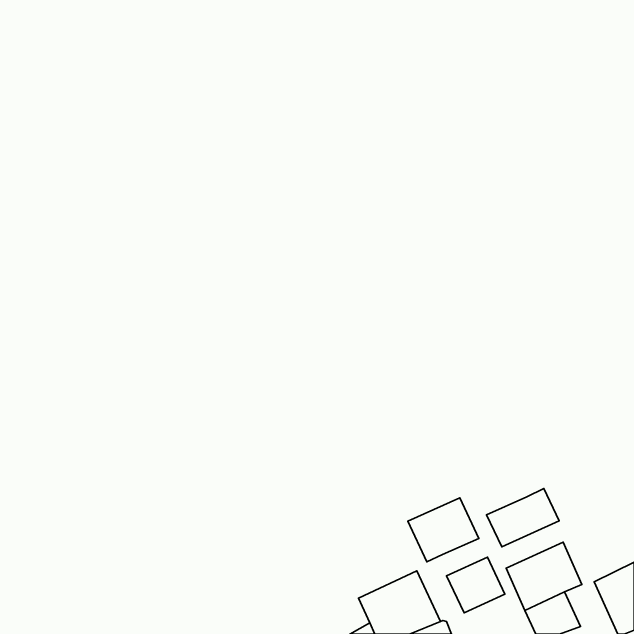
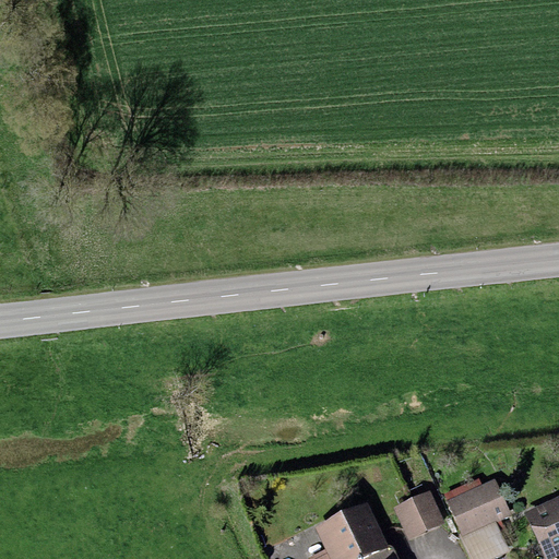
building: [487,489,559,547] -> none
building: [408,498,479,562] -> none

